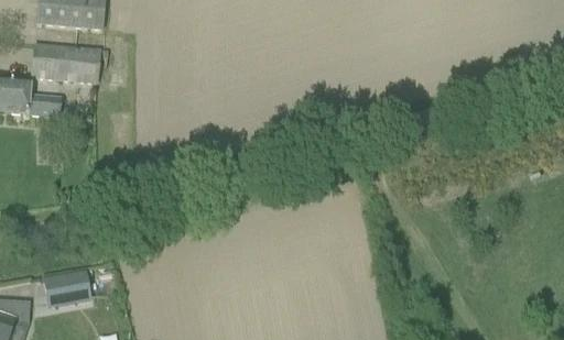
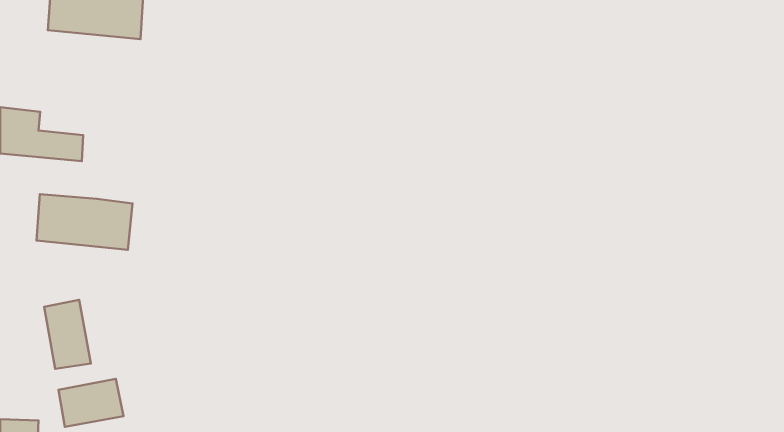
building: [31,43,99,83] -> [37,194,132,250]
building: none -> [44,300,91,369]

